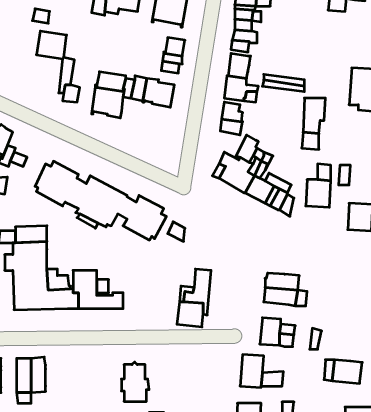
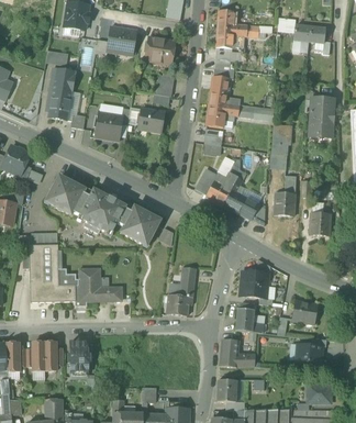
building: none -> [48,88,71,120]
building: none -> [292,300,318,323]
building: [121,362,149,401] -> [68,338,91,371]

